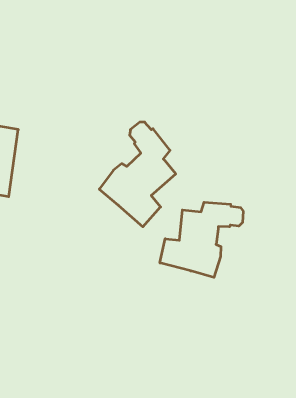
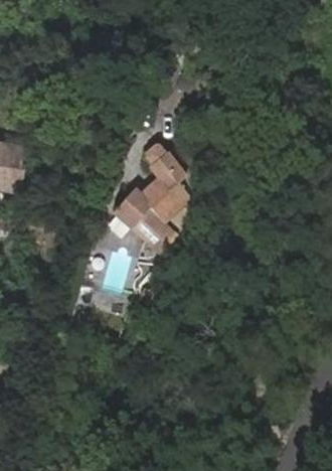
building: [160,202,243,277] -> none

